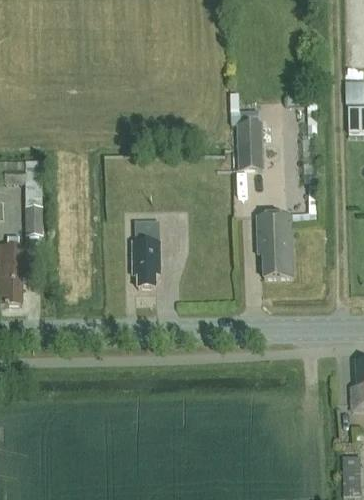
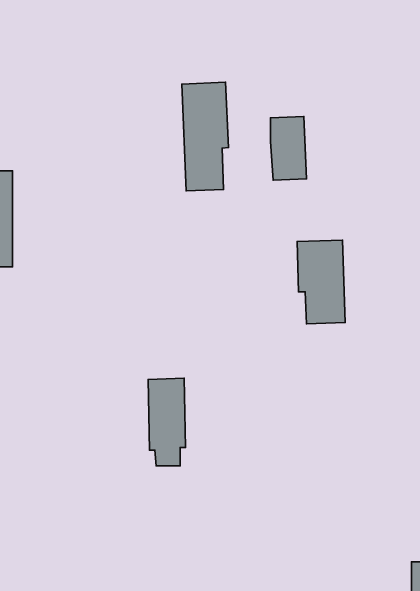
building: none -> [182,82,229,191]
building: [132,220,160,286] -> [148,378,185,466]

